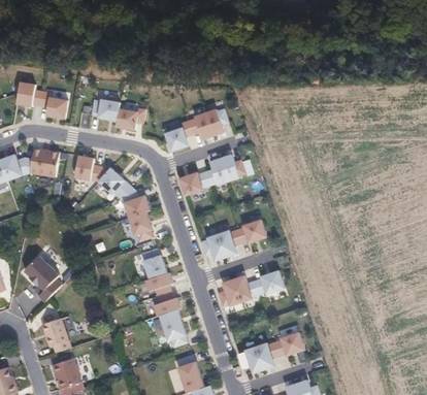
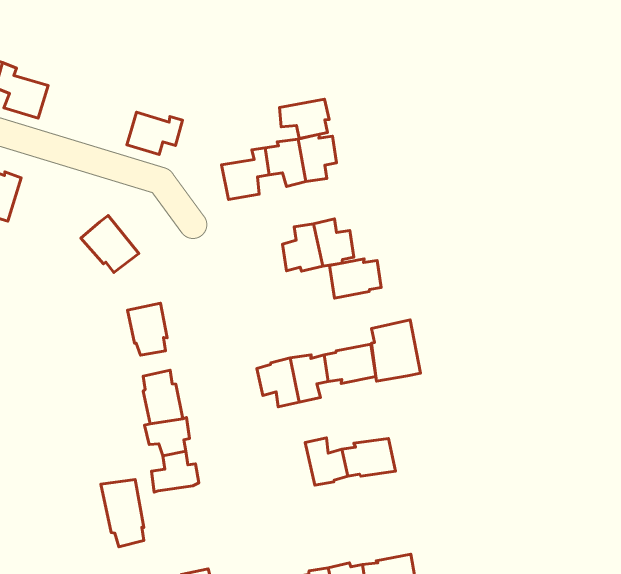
building: none -> [279,99,329,139]
building: [91,99,120,121] -> none
building: [73,156,106,182] -> none
building: [183,170,212,194] -> [329,259,381,298]
building: [118,186,150,218] -> none
building: none -> [371,320,420,381]
building: [220,277,243,305] -> none
building: [158,309,186,348] -> [101,479,144,547]

